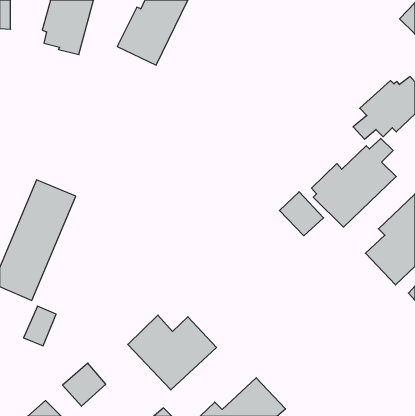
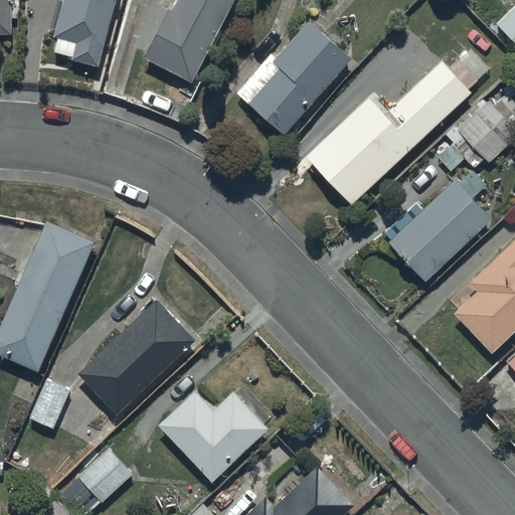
building: none -> [236,21,350,136]
building: none -> [305,48,490,205]
building: [279,192,324,236] -> none
building: none -> [78,300,192,413]

